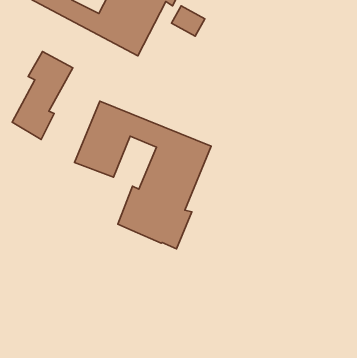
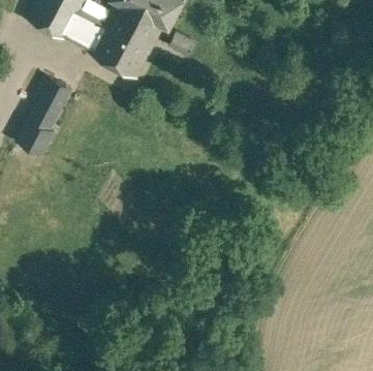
building: [75,101,211,249] -> none

